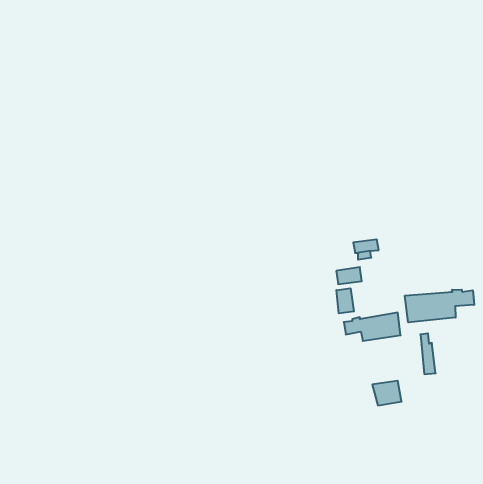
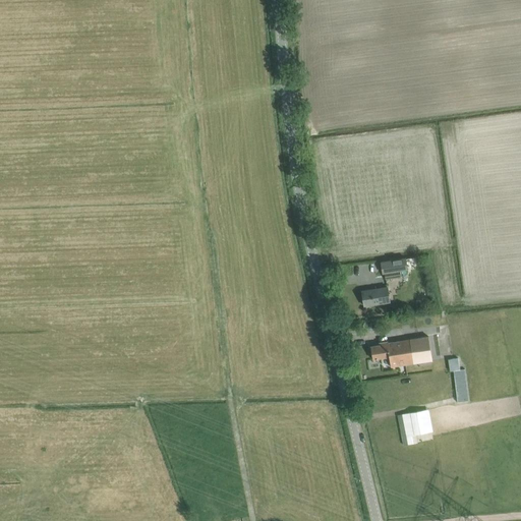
building: [336,288,354,313] -> none
building: [405,290,474,322] -> none

